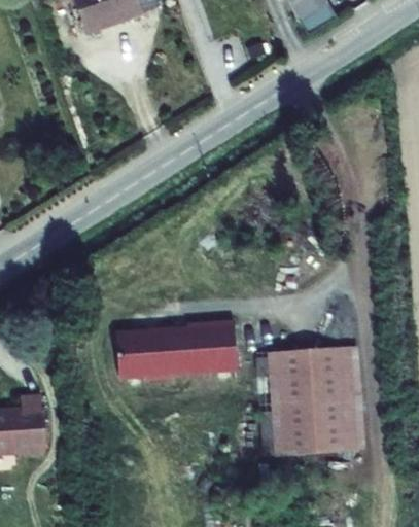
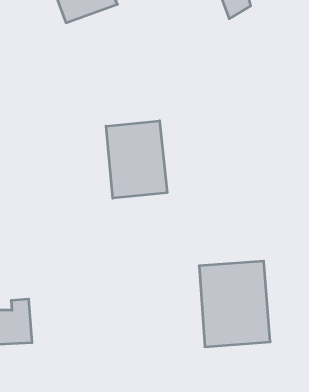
building: none -> [106,121,167,198]
building: [114,320,236,376] -> none

